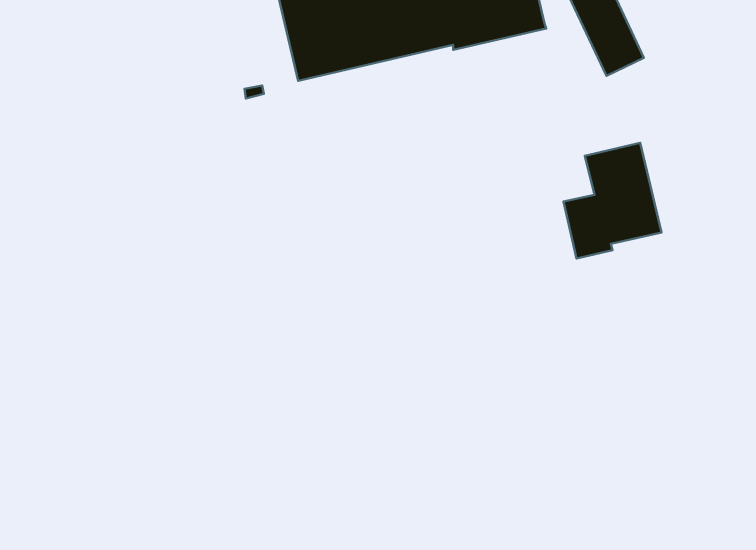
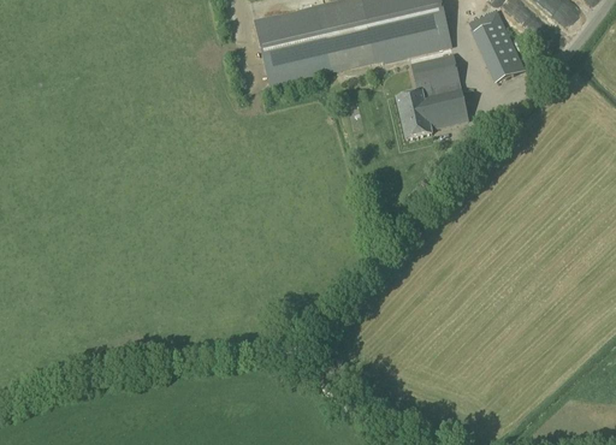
building: [564,143,661,258] -> [396,54,468,140]

